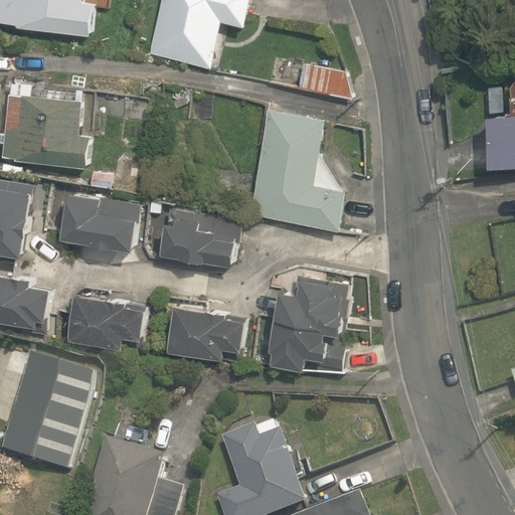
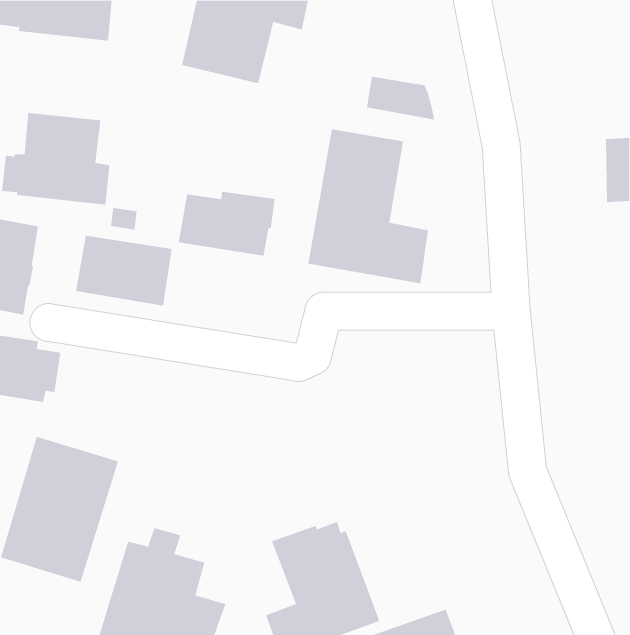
building: [160,213,238,266] -> [178,191,275,256]
building: [269,275,349,368] -> none
building: [67,293,145,348] -> none
building: [167,304,245,359] -> none

